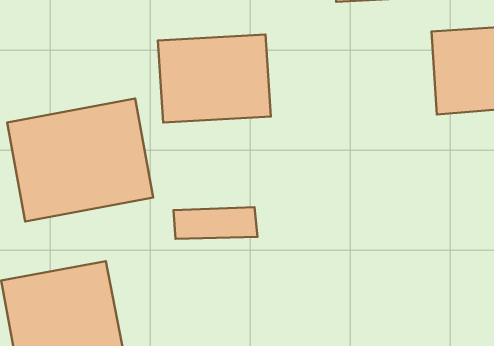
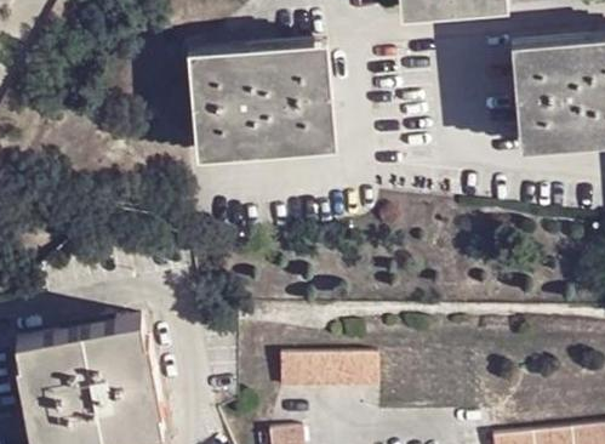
building: [7,98,153,222] -> none
building: [173,207,257,239] -> [280,357,379,394]

